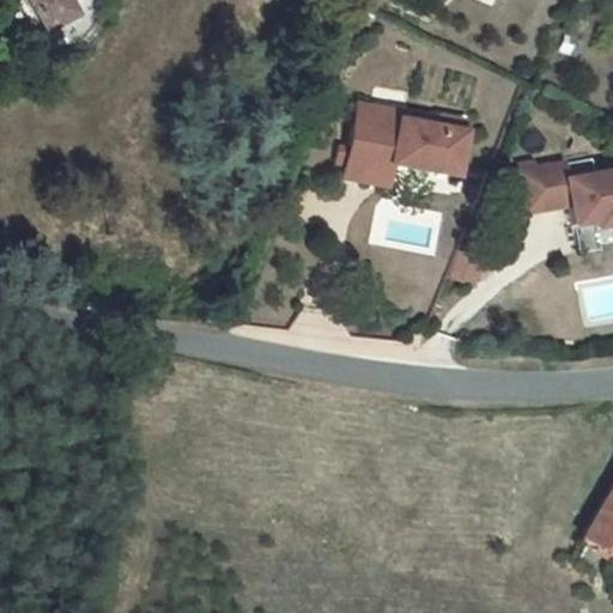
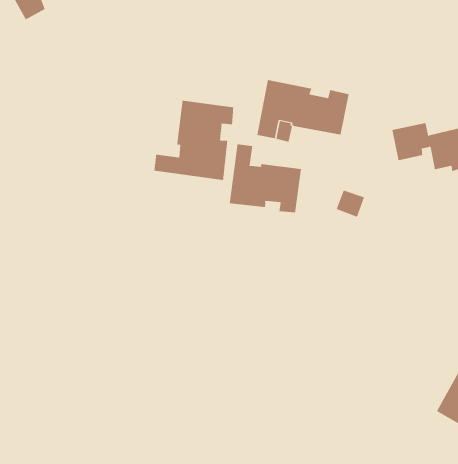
building: none -> [154,100,234,181]
building: none -> [229,143,301,213]

